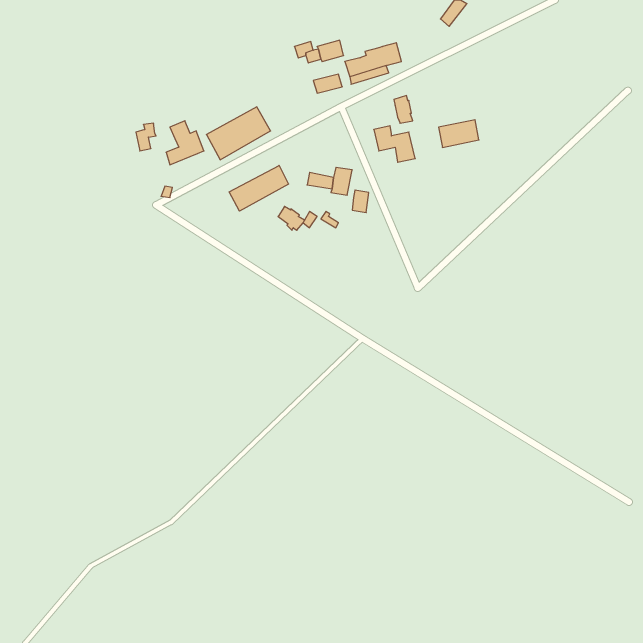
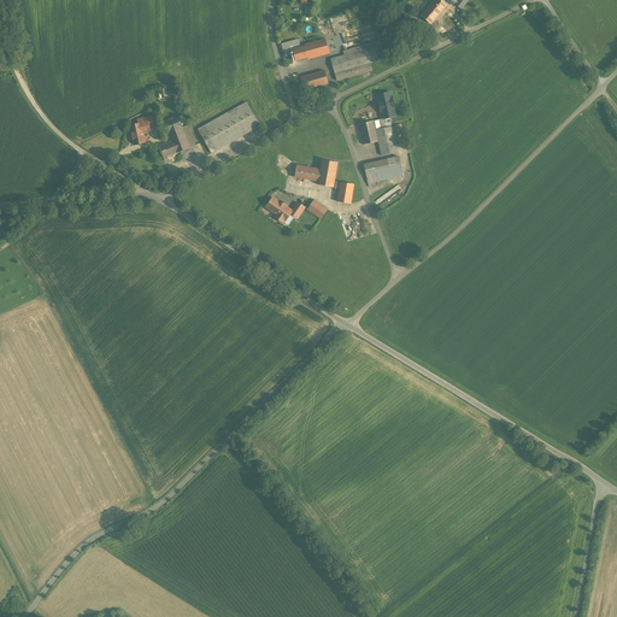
building: [439,120,479,147] -> [364,157,402,183]
building: [229,165,289,211] -> none

